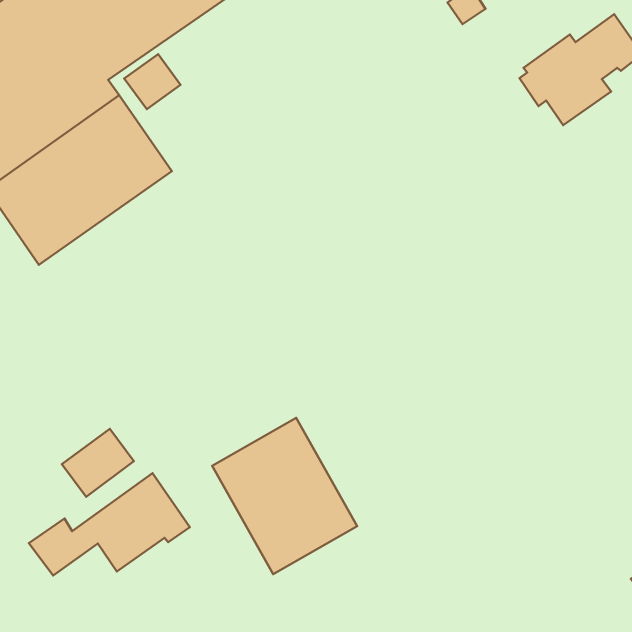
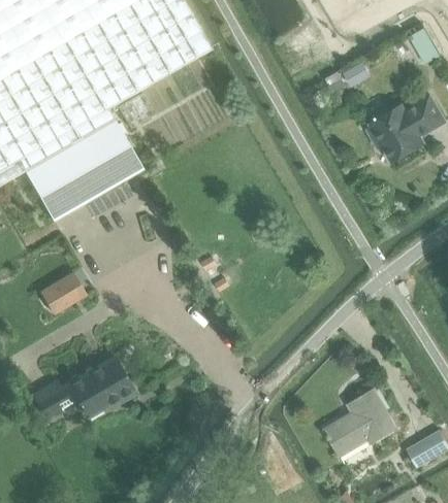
building: [212,418,357,574] -> none
building: [62,429,134,497] -> [40,272,86,313]
building: none -> [324,390,396,456]

